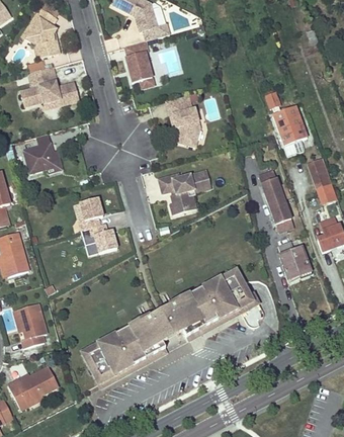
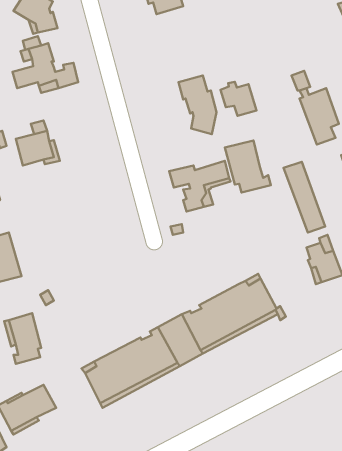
building: [124,40,152,83] -> none
building: none -> [220,82,256,116]
building: none -> [225,141,271,193]
building: [74,197,117,256] -> none

